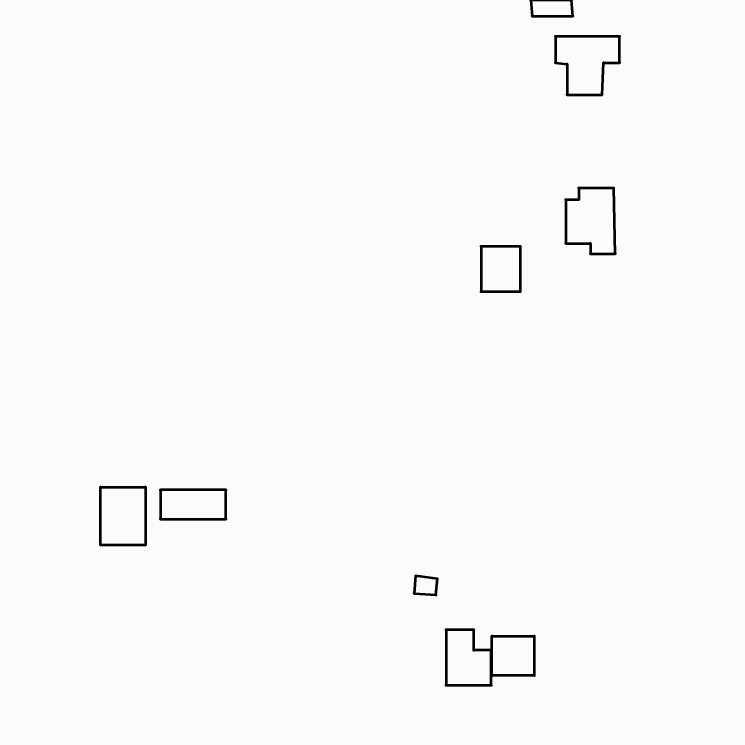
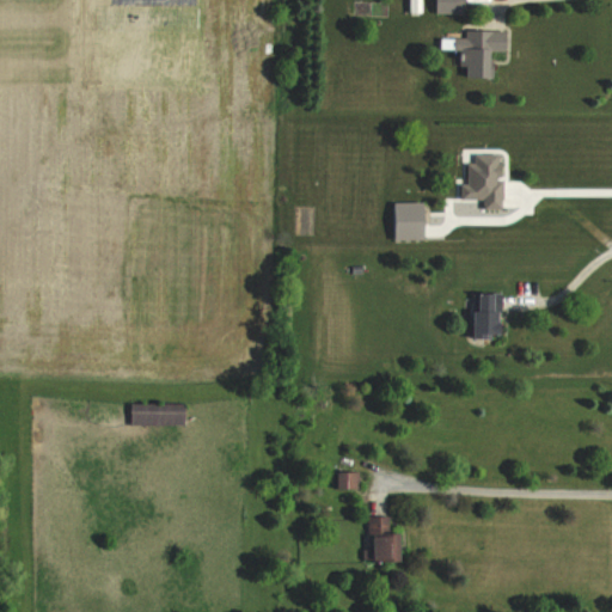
building: none -> [472,293,503,337]
building: [101,487,145,545] -> none
building: [492,636,534,676] -> none

